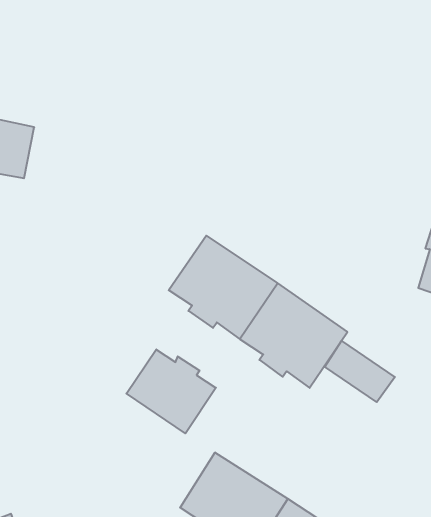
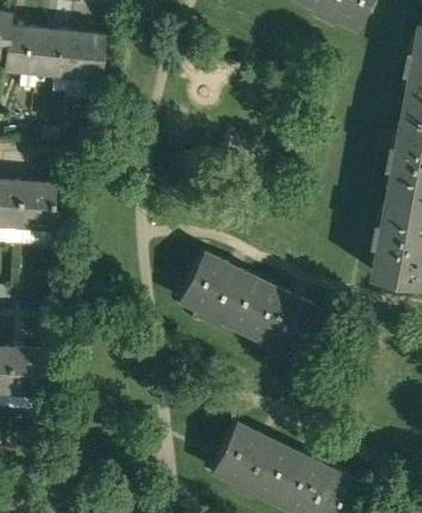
building: [325,341,395,402] -> none
building: [126,349,216,433] -> none

